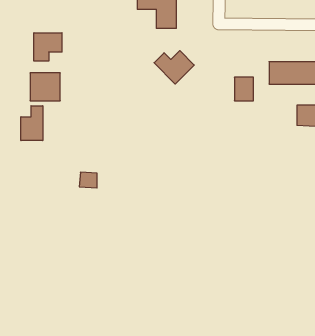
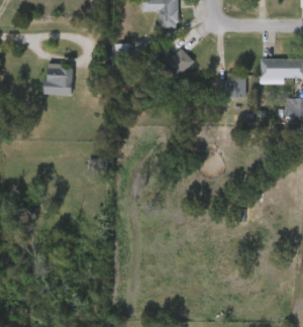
building: [34,33,62,61] -> none
building: [21,106,43,141] -> none

